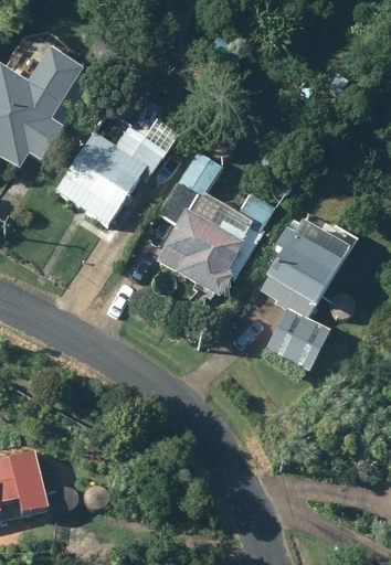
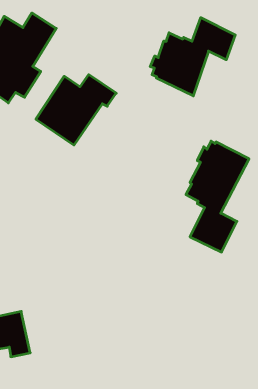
building: none -> [150,18,235,96]
building: [157,150,275,296] -> none

